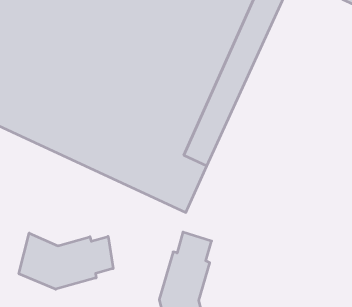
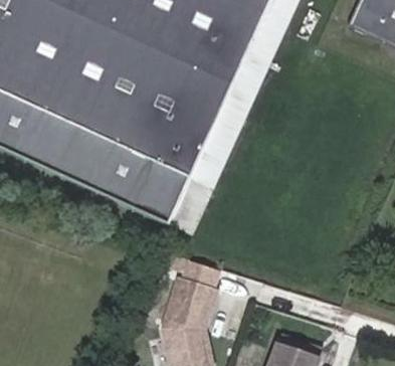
building: [19,233,113,289] -> none

